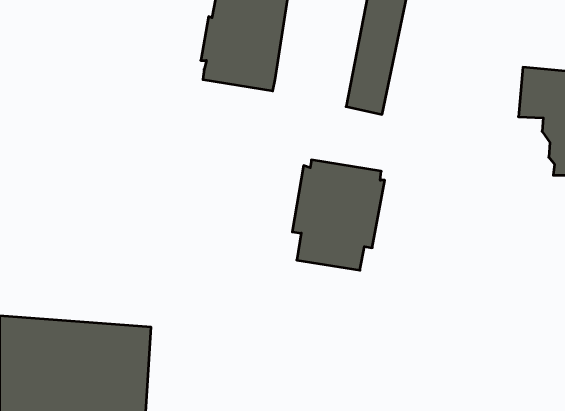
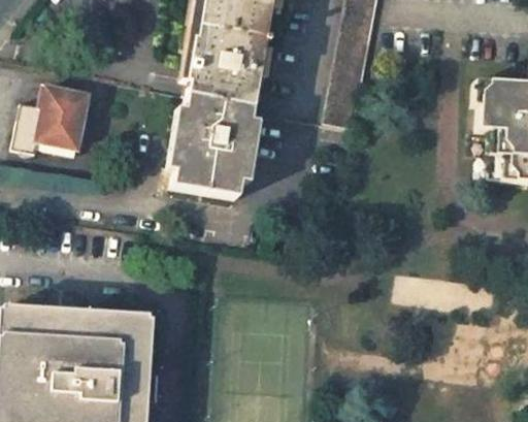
building: none -> [12,79,90,151]
building: [292,160,385,270] -> [173,92,258,193]

